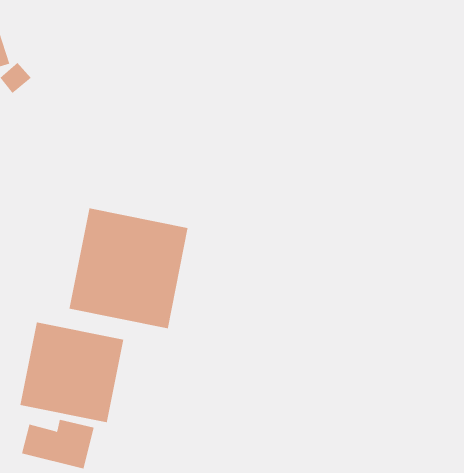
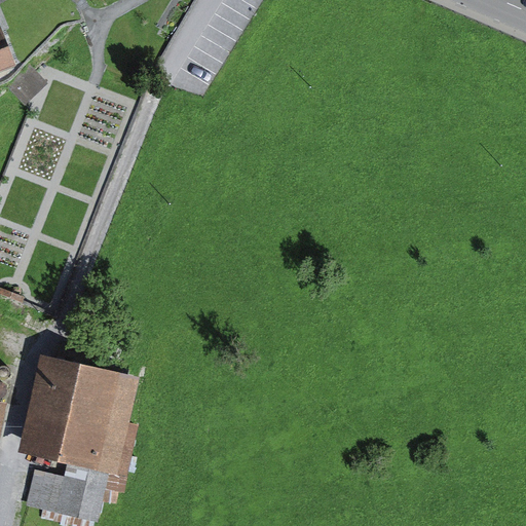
building: [69,208,188,329] -> none

